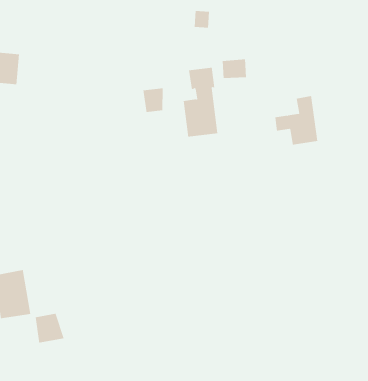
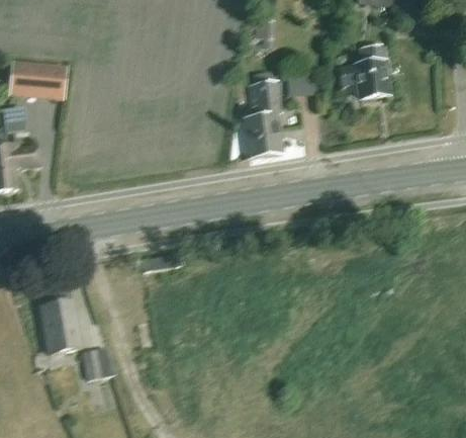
building: [143,87,163,113] -> none
building: [274,96,318,145] -> [339,43,386,97]

